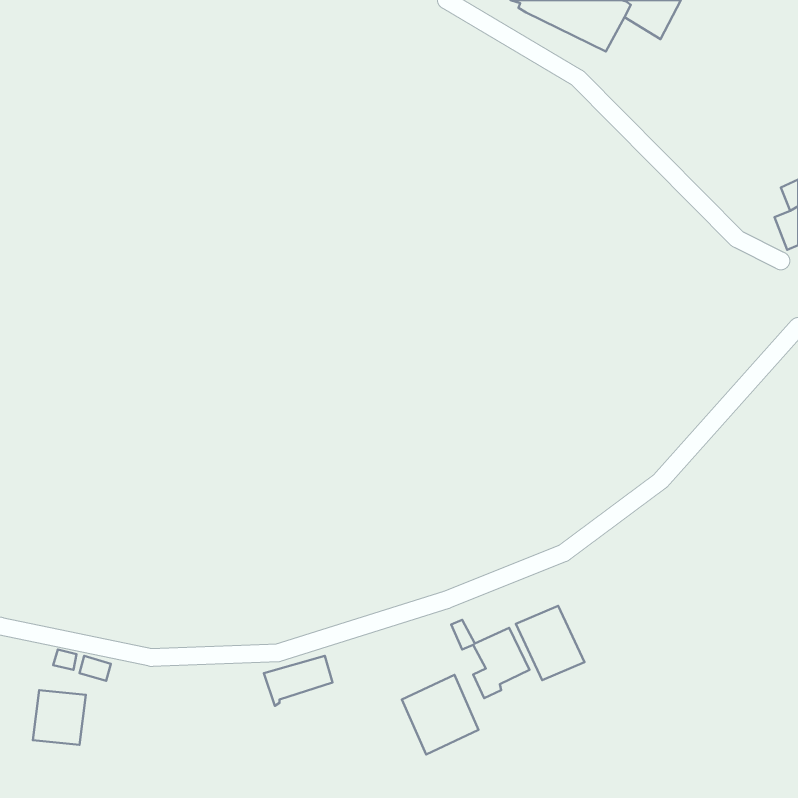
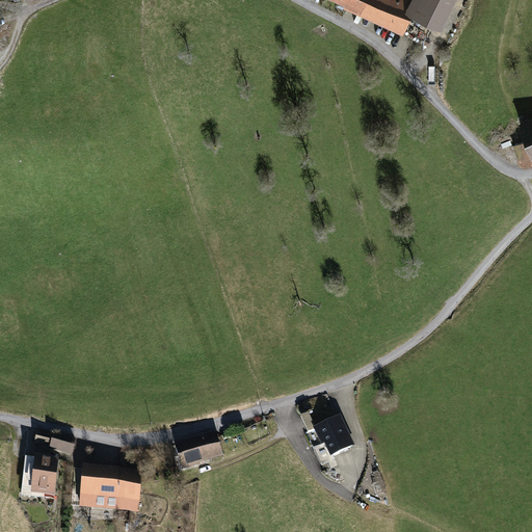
building: [516,606,584,680] -> none
building: [402,675,479,754] -> none
building: none -> [80,469,141,511]

